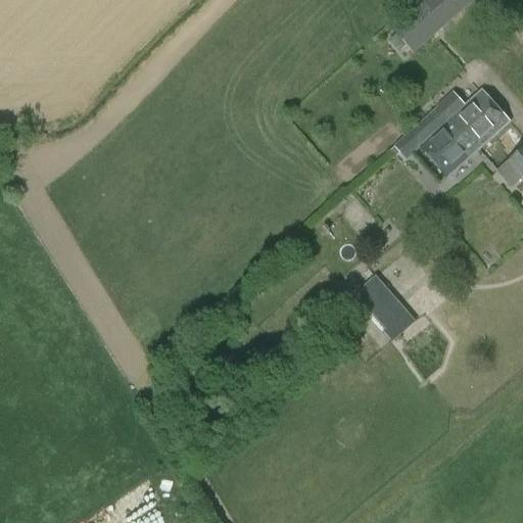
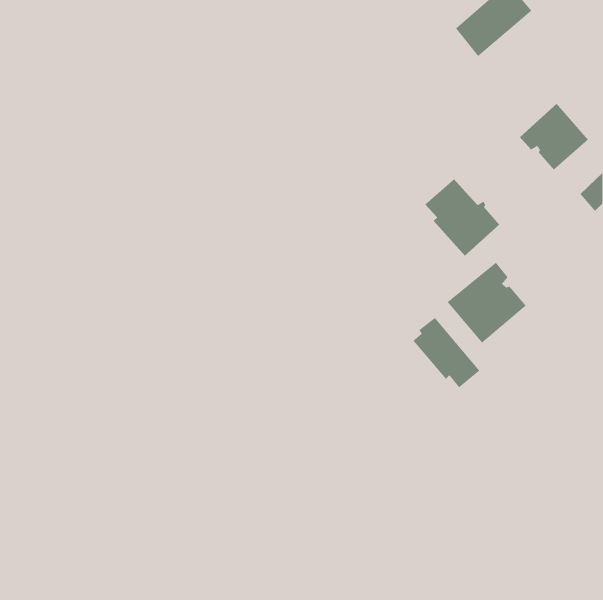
building: [413,107,478,175] -> [425,178,500,256]
building: none -> [447,262,526,344]

